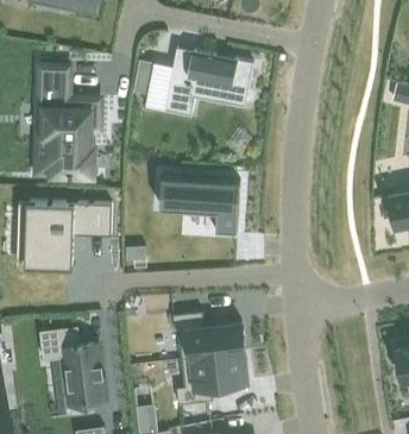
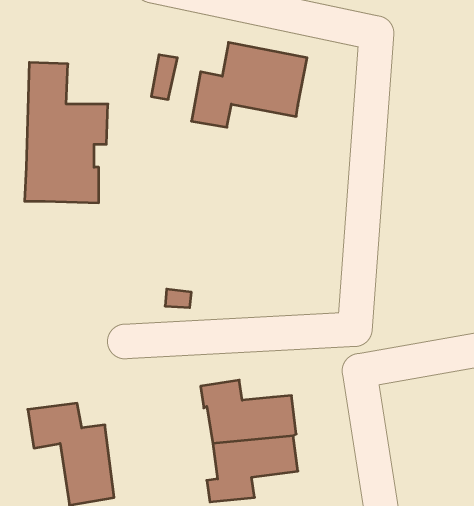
building: [159,177,239,235] -> none
building: [23,201,111,269] -> none

